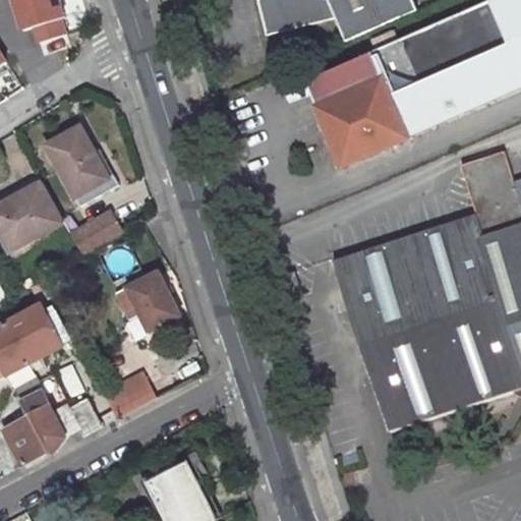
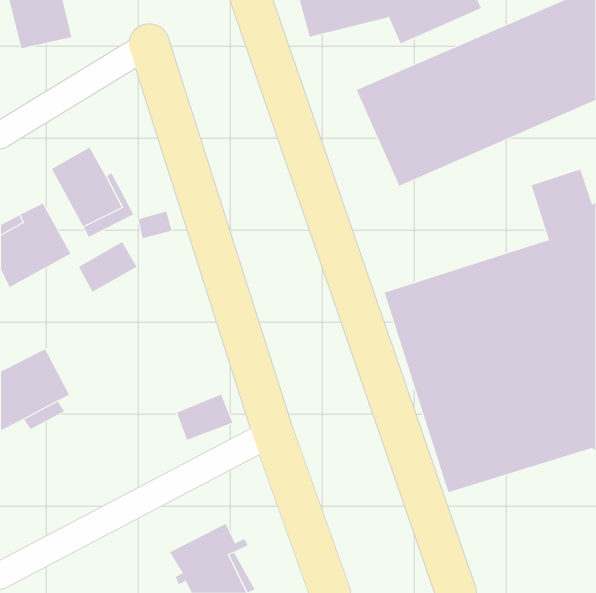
building: [117,270,180,329] -> none
building: [104,372,154,417] -> none
building: [5,379,101,462] -> none

